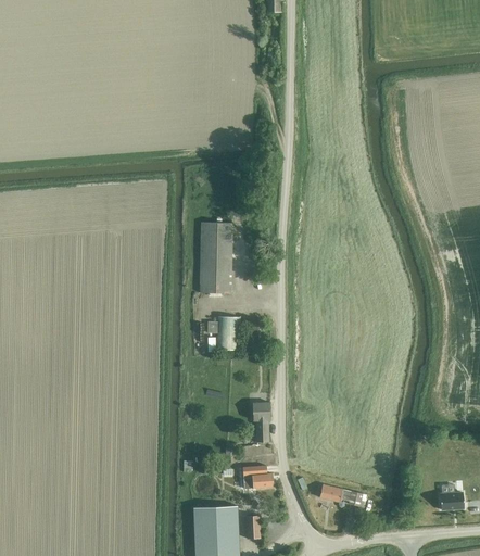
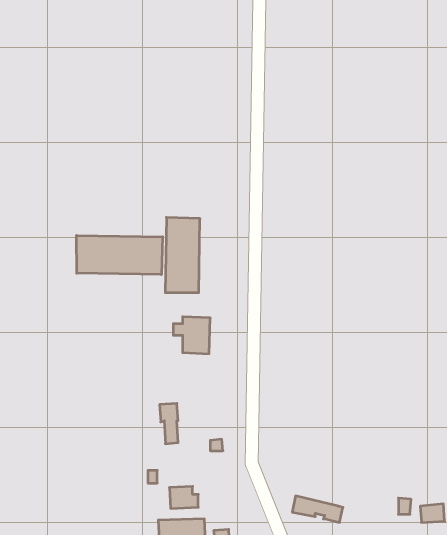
building: none -> [77,235,163,275]
building: [252,404,269,442] -> [160,403,178,444]
building: [245,467,273,488] -> [169,486,198,508]

